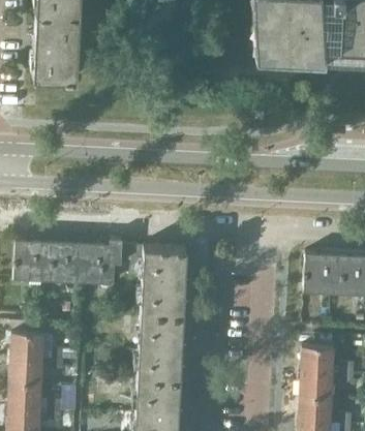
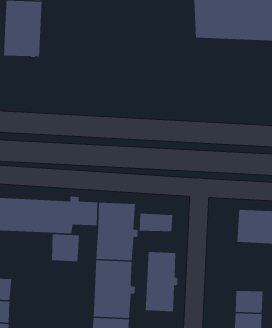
building: none -> [139,213,173,232]
building: none -> [51,233,80,262]
building: none -> [145,251,178,312]

